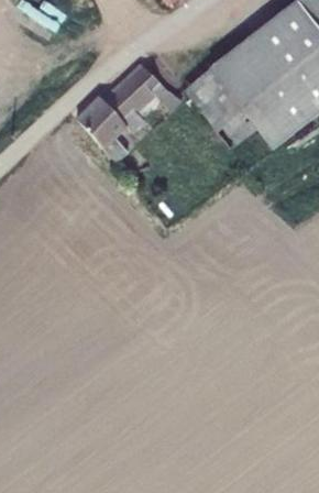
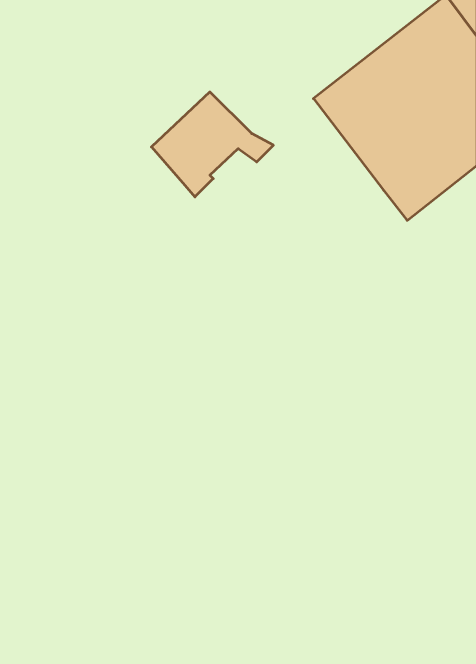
building: [184,67,256,147] -> none
building: [76,95,128,162] -> none

